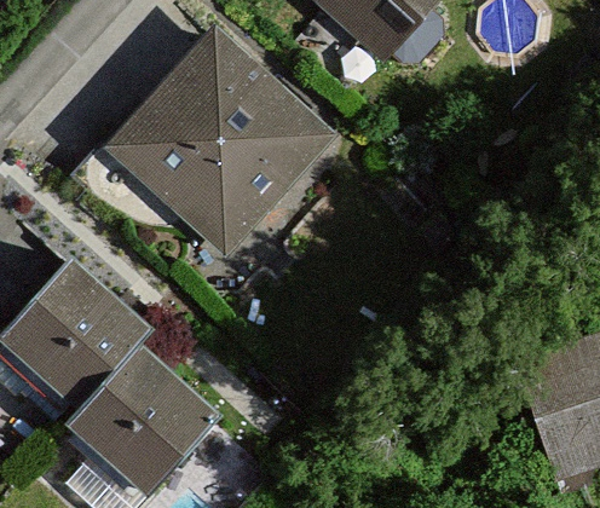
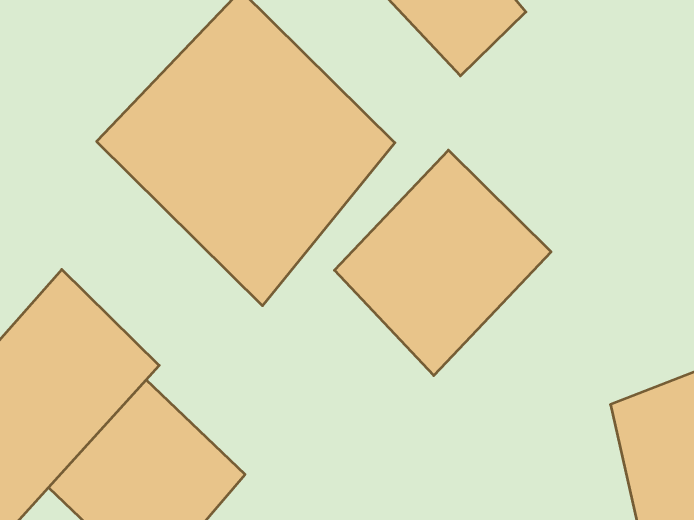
building: none -> [334,150,551,376]

